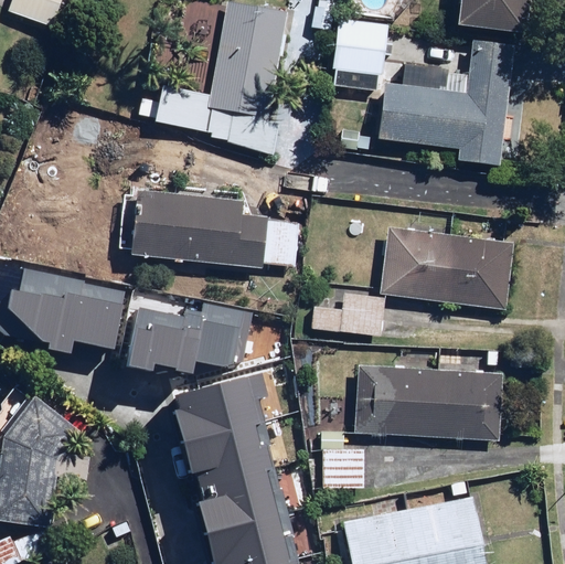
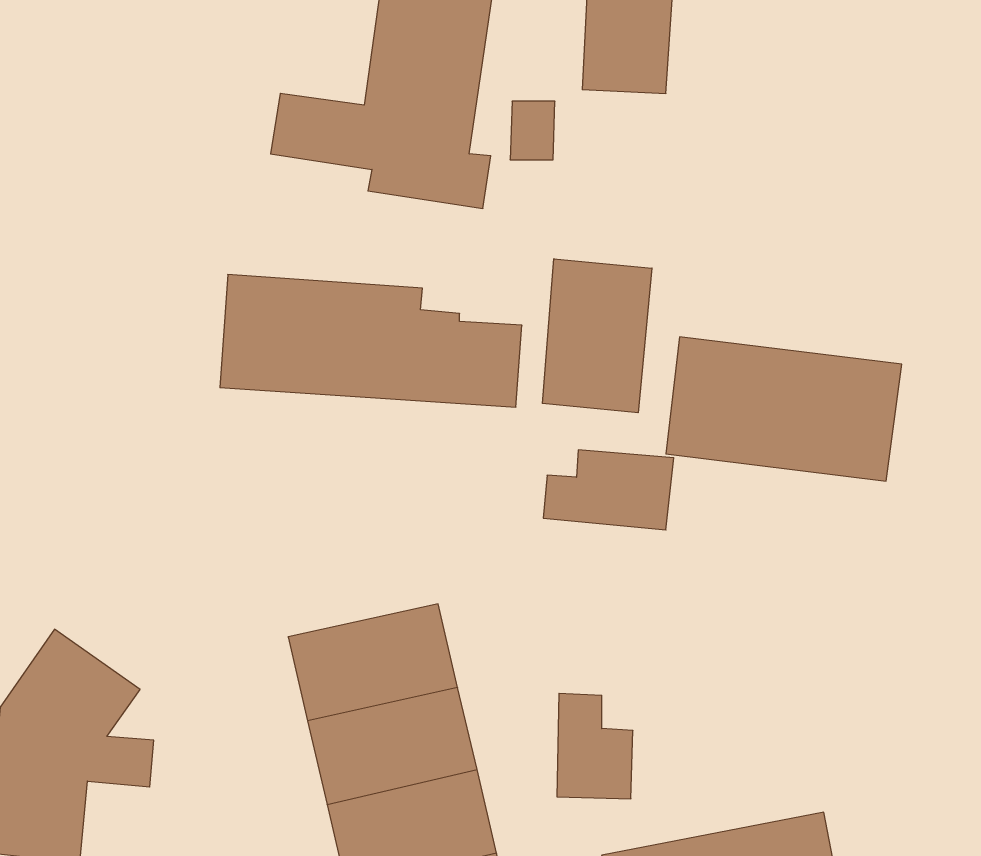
building: [380,41,514,166] -> none
building: none -> [542,259,652,413]
building: [9,277,121,351] -> none
building: [126,295,248,372] -> none
building: [356,365,501,439] -> none

